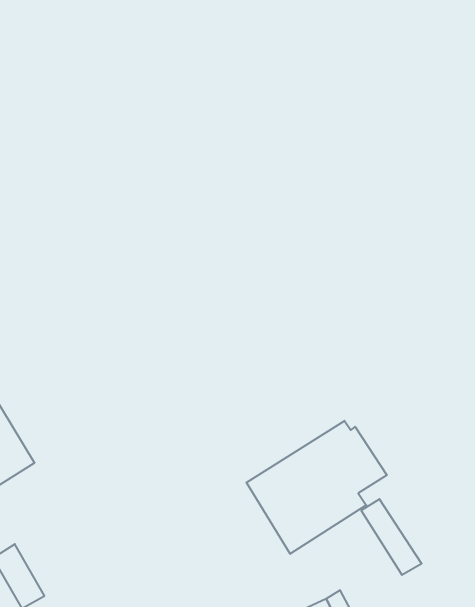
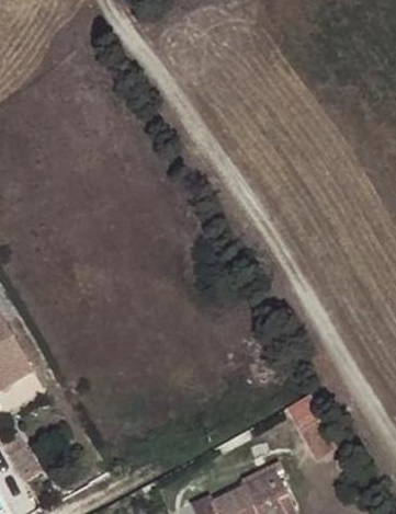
building: [246,421,387,554] -> none

